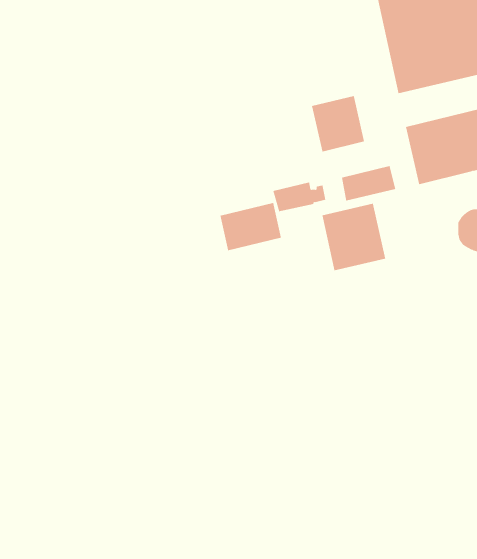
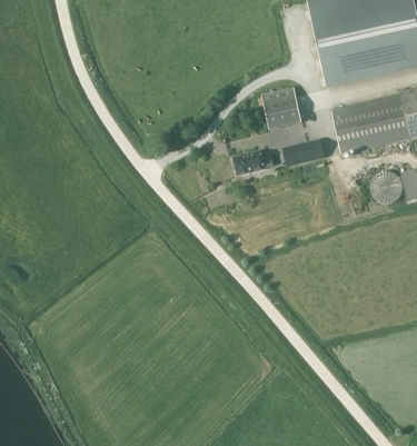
building: [220,202,281,251] -> none
building: [322,203,386,271] -> none

